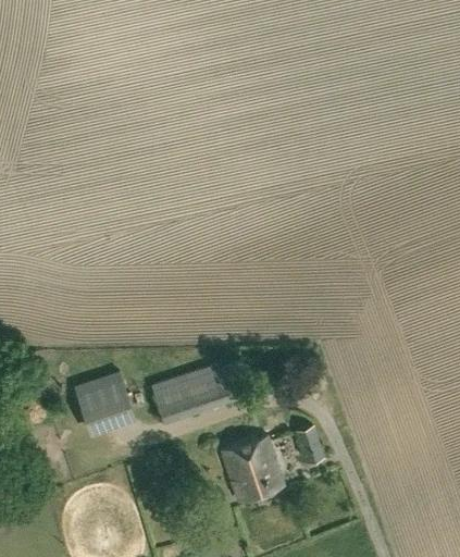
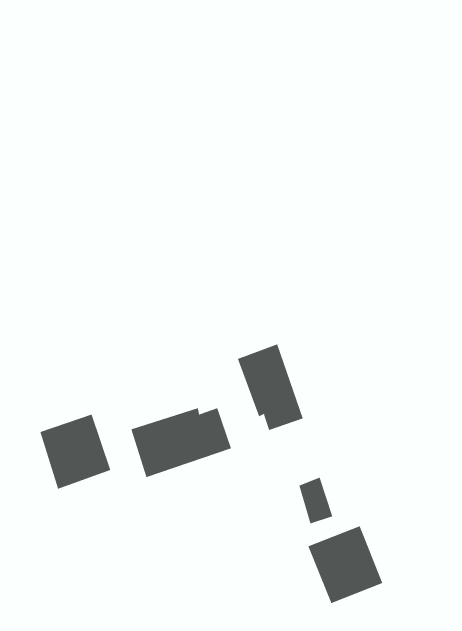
building: none -> [237,343,303,431]
building: [221,436,285,503] -> [308,526,383,604]

